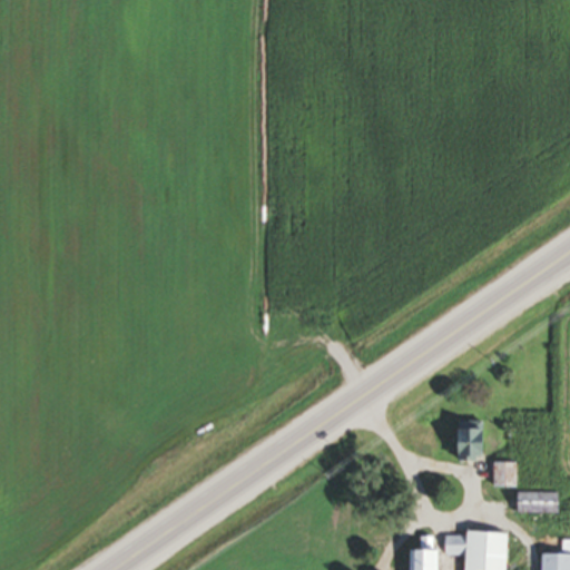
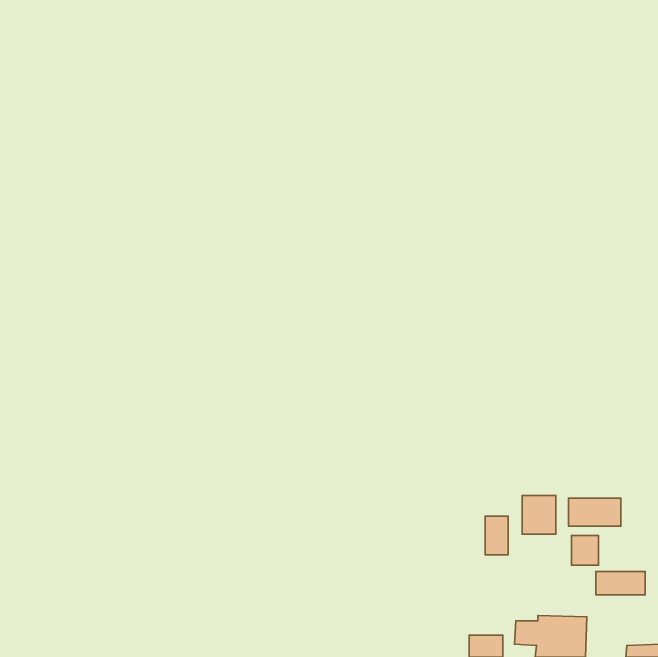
building: none -> [569,498,621,526]
building: none -> [485,516,508,555]

